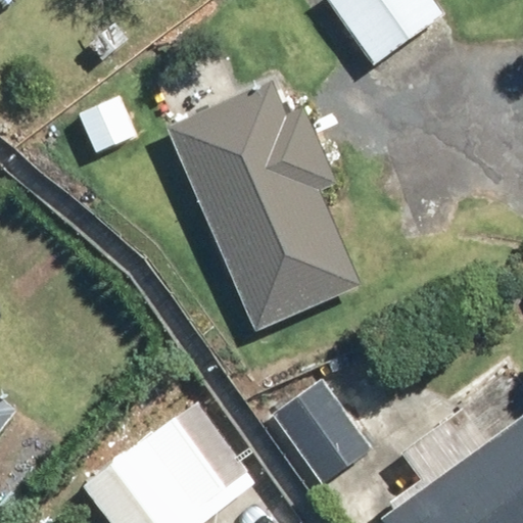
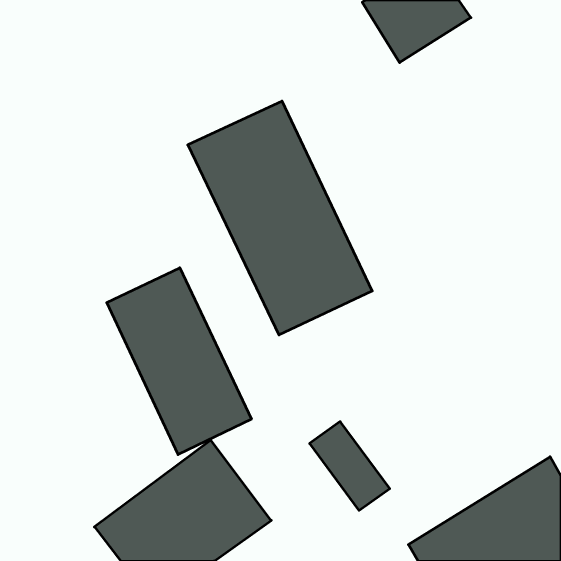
building: none -> [107,268,251,455]

